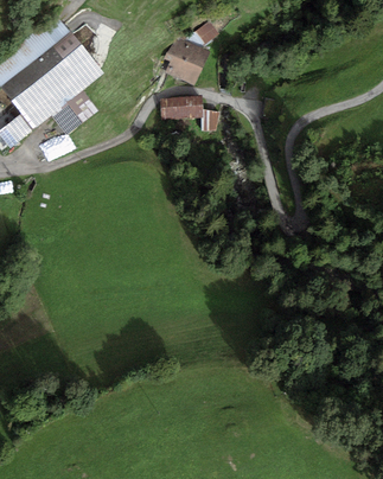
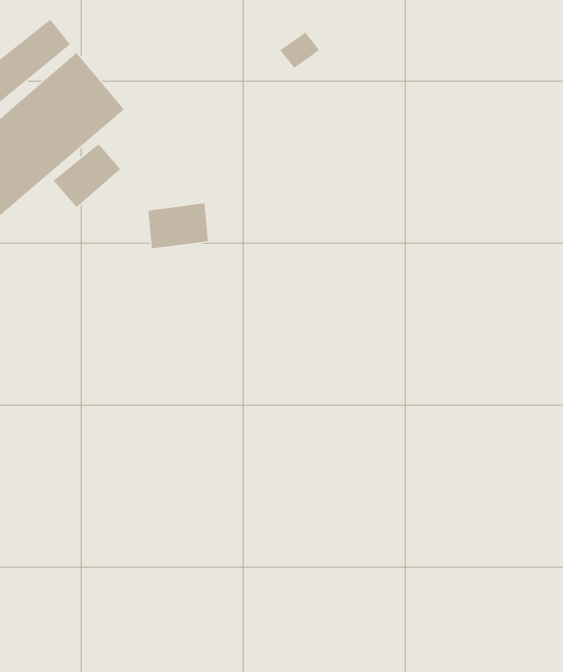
building: [165,36,210,81] -> none
building: [167,95,206,124] -> [147,203,209,249]

